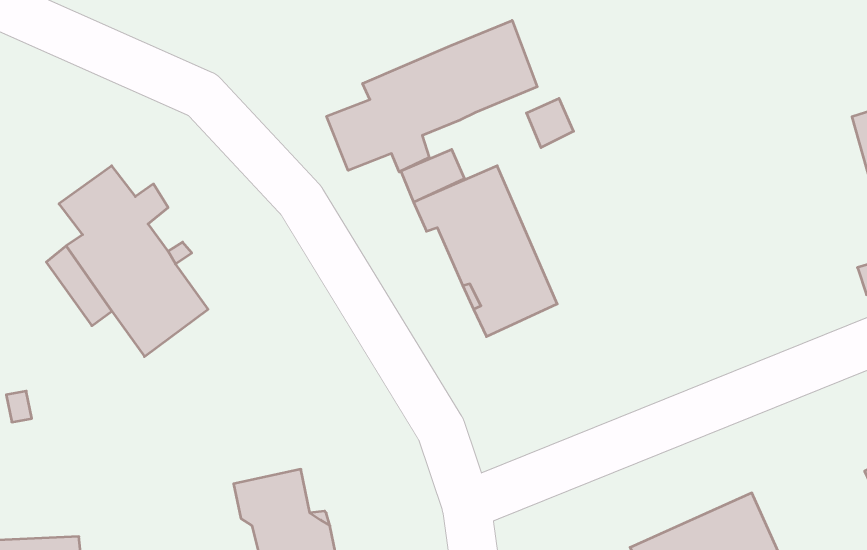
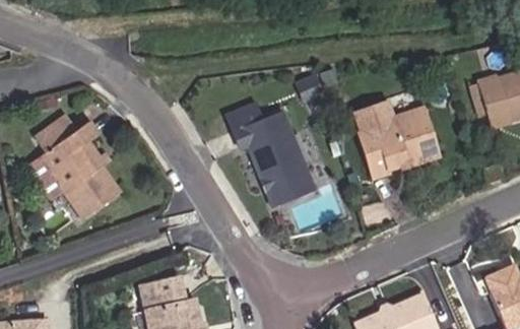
building: [327,20,537,172] -> none
building: none -> [355,101,441,177]

